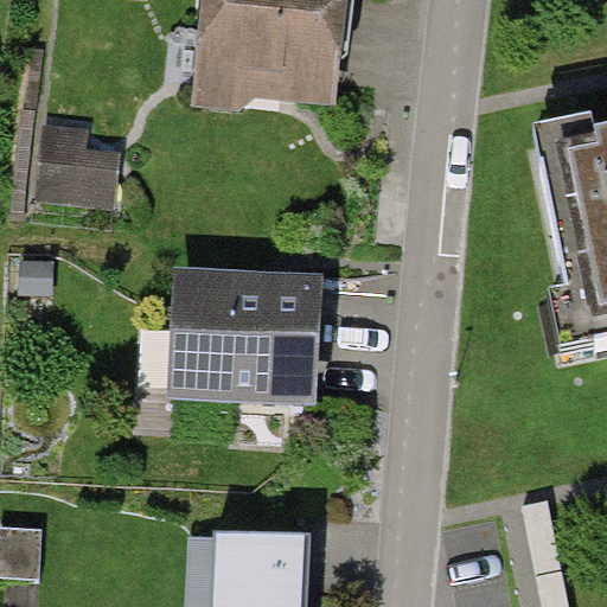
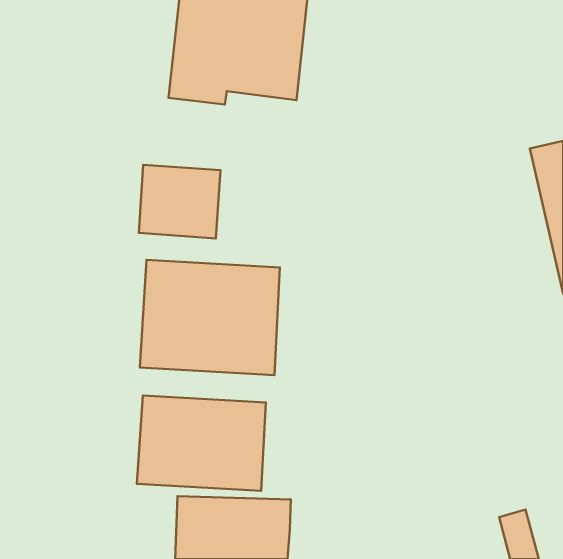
building: [44,122,132,202] -> [139,165,220,238]
building: none -> [137,395,266,491]

